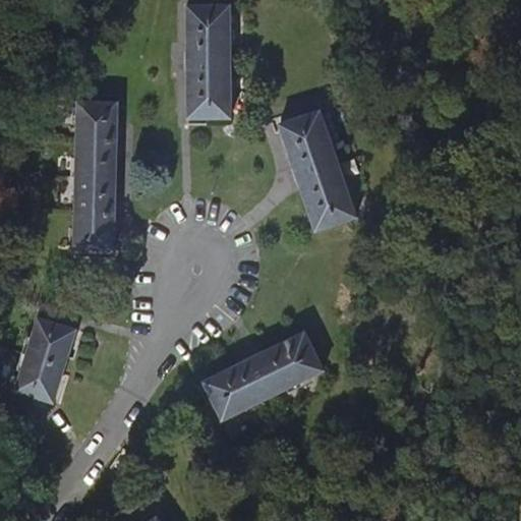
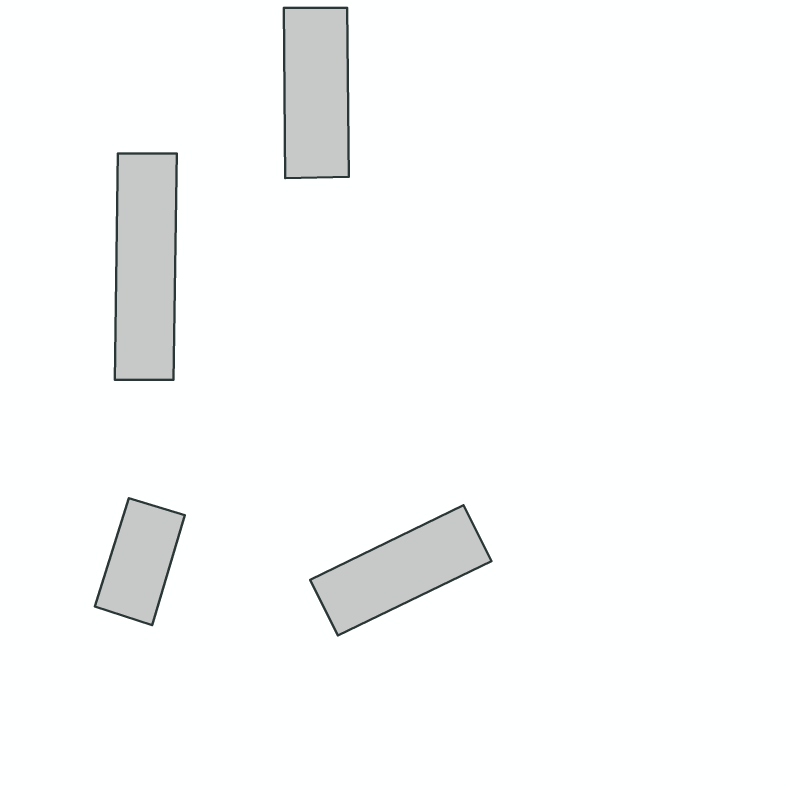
building: [280,111,355,230] -> none
building: [14,320,73,403] -> [95,498,185,625]

